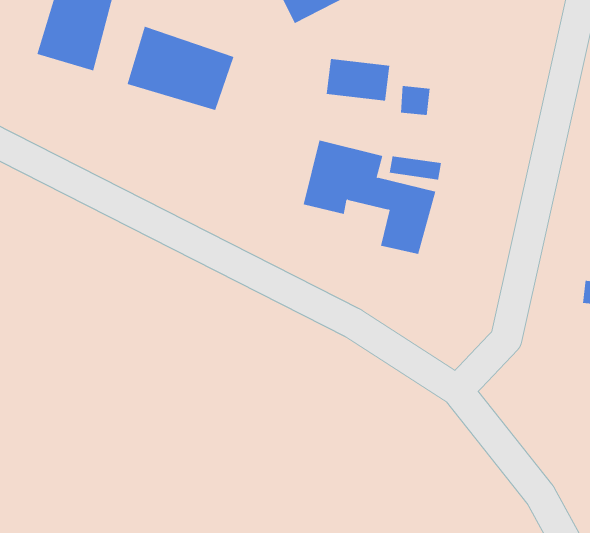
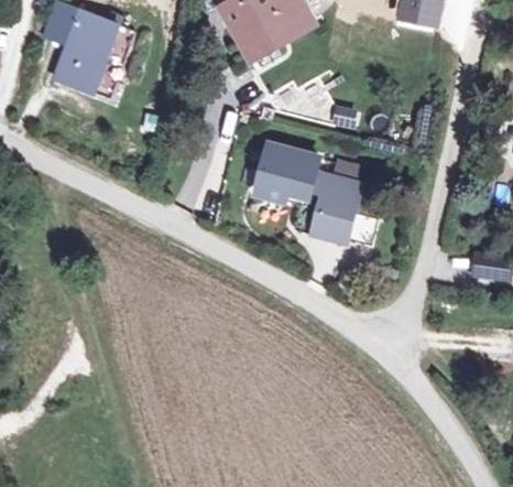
building: [127,26,234,111] -> none

